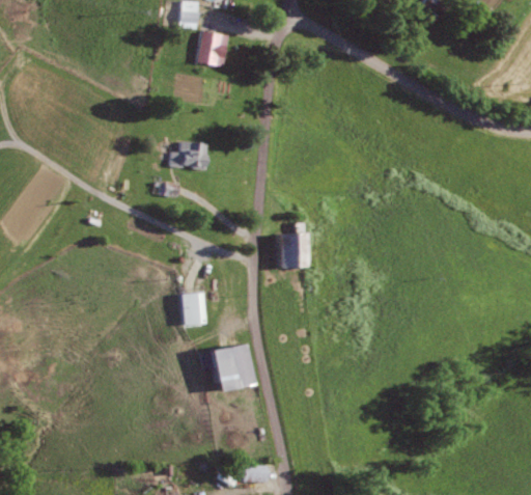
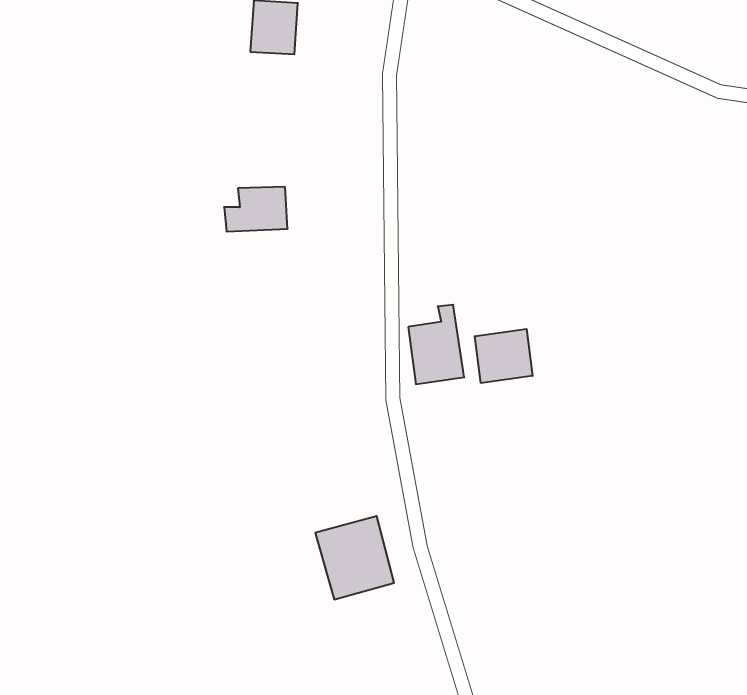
building: none -> [475,329,533,383]
building: [184,292,209,325] -> none

